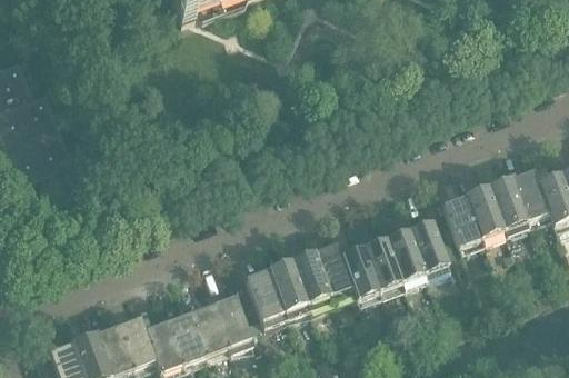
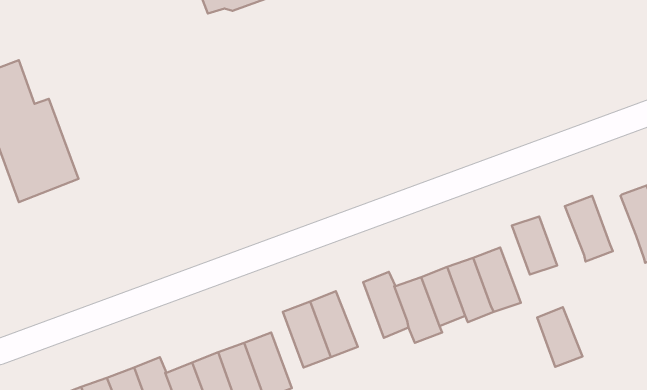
building: [511,166,549,216] -> none
building: [466,182,505,233] -> [537,307,582,367]
building: [291,248,332,304] -> none

